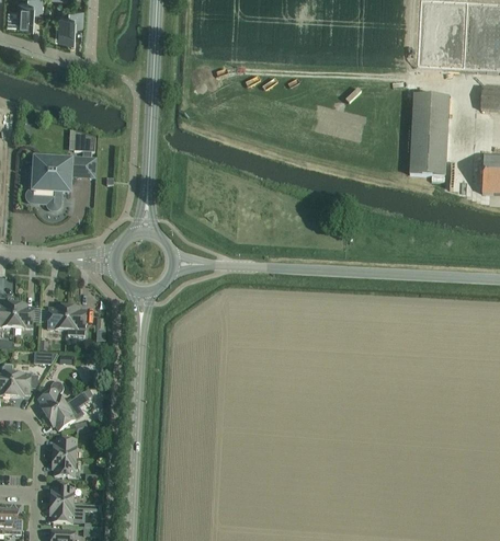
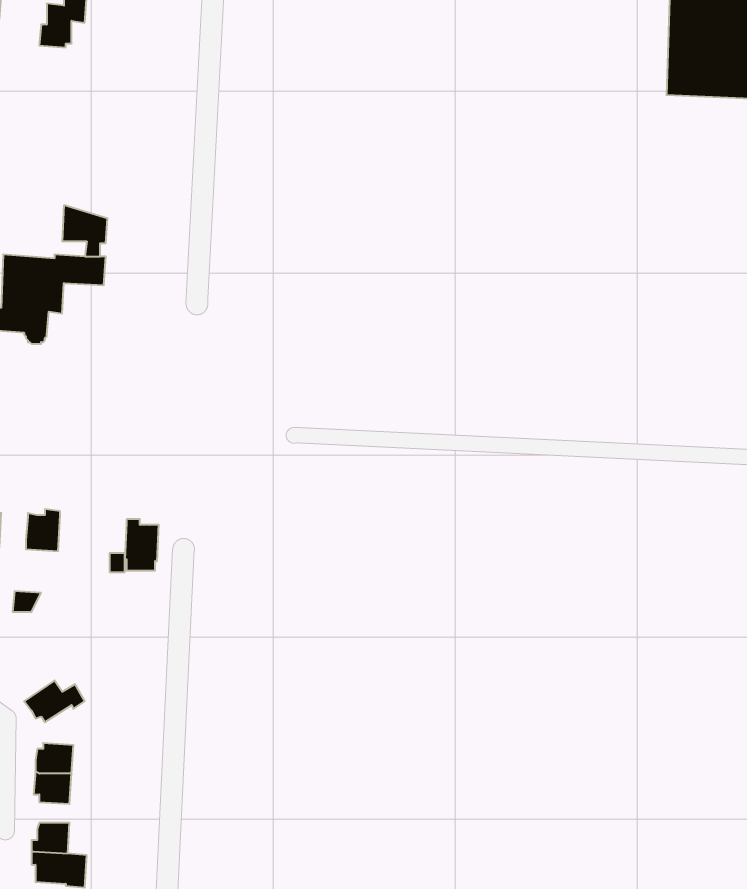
building: [410,94,450,175] -> none
building: [67,306,87,335] -> [125,519,159,571]
building: [41,380,65,415] -> none

